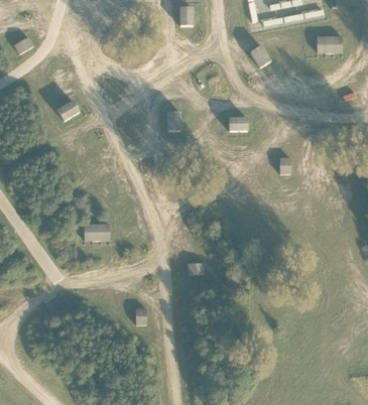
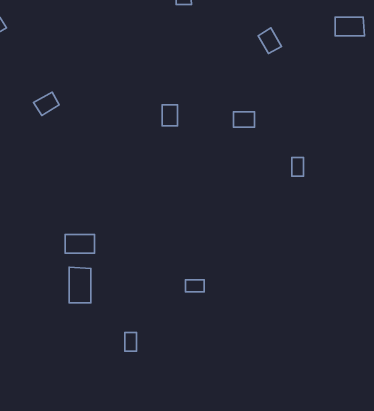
building: none -> [69,267,91,303]

